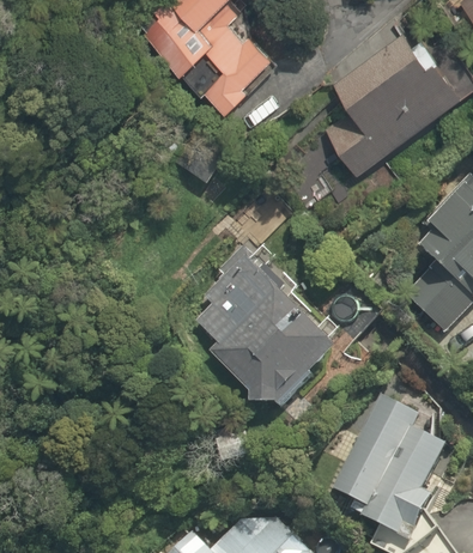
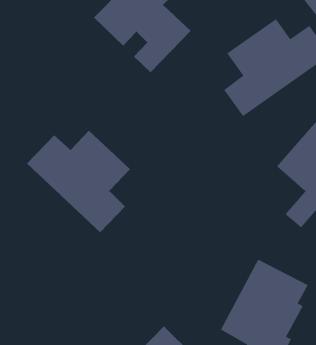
building: none -> [26,130,131,233]
building: [204,256,328,430] -> none

